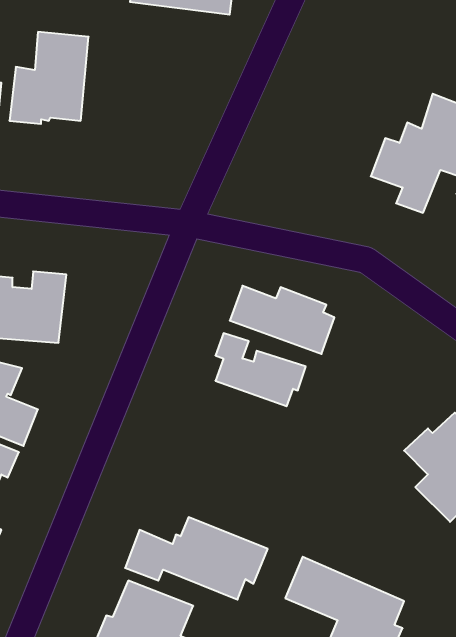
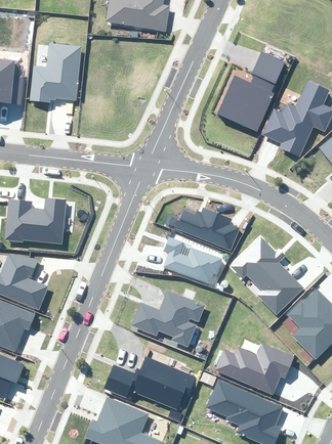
building: none -> [217,51,285,132]
building: none -> [230,236,303,314]
building: none -> [130,290,206,347]
building: none -> [214,343,294,394]

